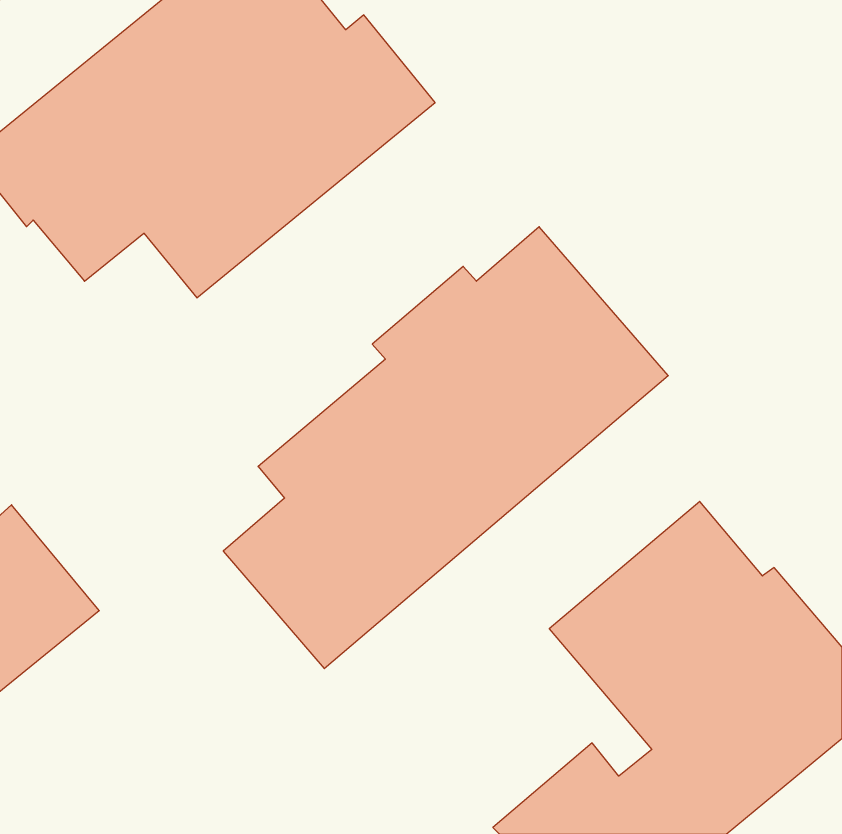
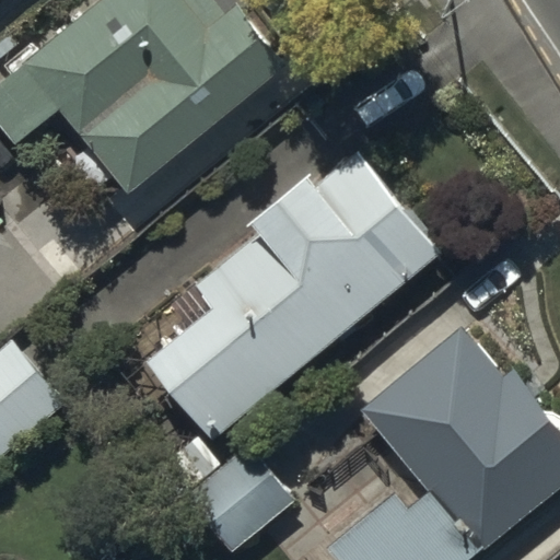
building: none -> [158,434,285,544]

